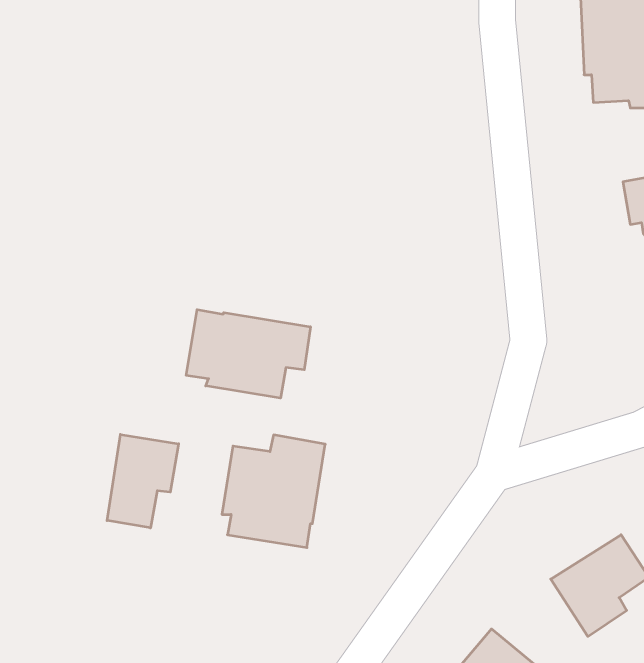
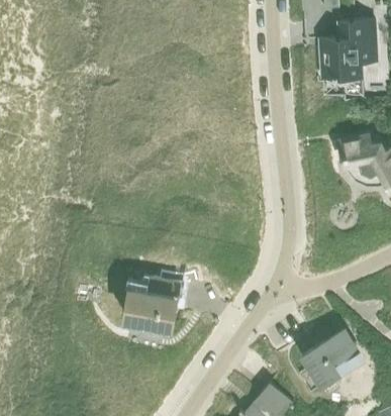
building: [186,310,310,398] -> none
building: [107,434,179,528] -> none

